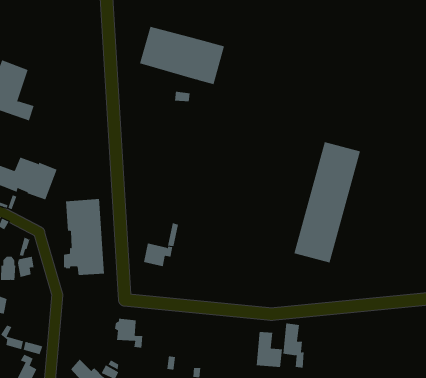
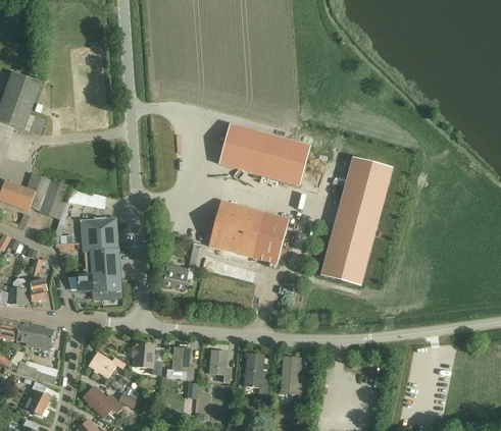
building: [139,26,225,85] -> [218,123,309,185]
building: none -> [208,201,289,264]
building: none -> [16,323,54,351]
building: none -> [166,346,193,379]
building: [282,323,305,368] -> [245,354,268,401]
building: none -> [209,351,231,383]
building: none -> [89,353,126,377]

